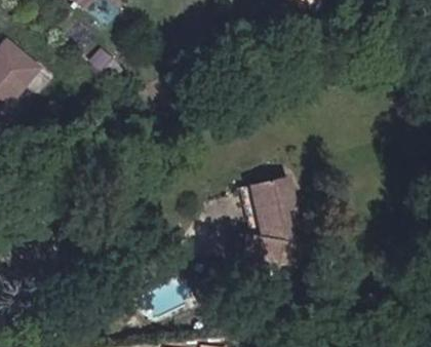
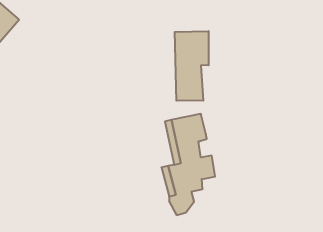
building: none -> [175,31,209,101]

